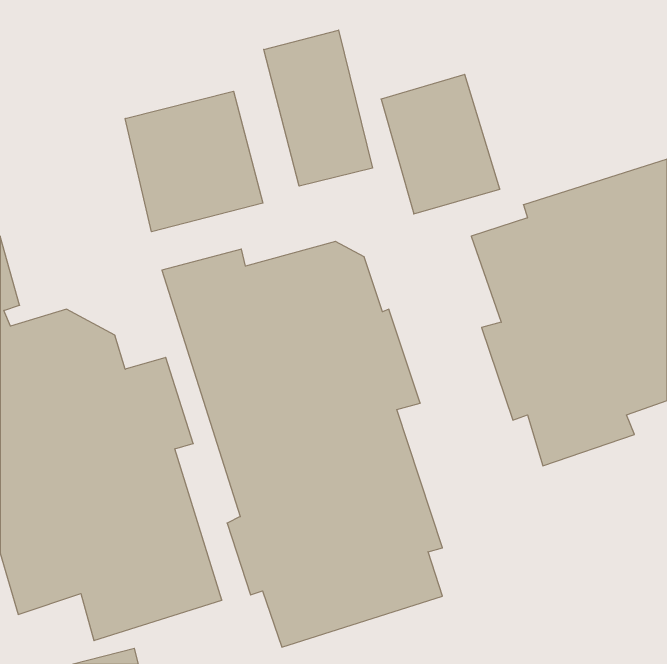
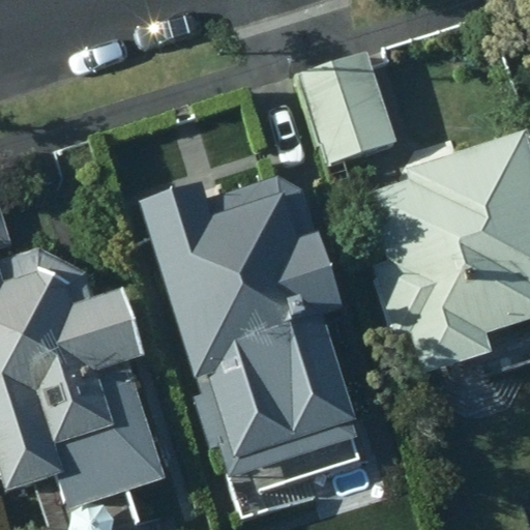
building: [264,30,372,186] -> none
building: [125,91,263,232] -> none

